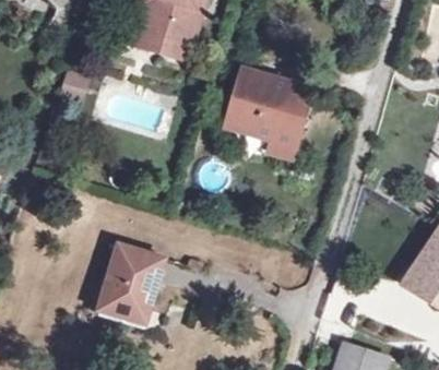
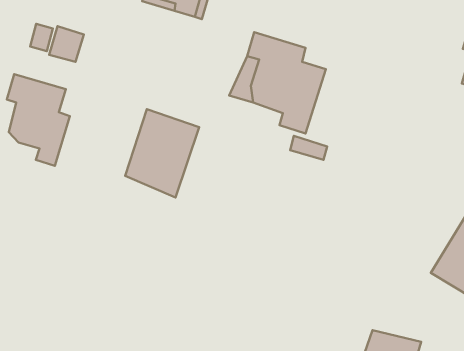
building: none -> [7,74,70,166]
building: [94,241,162,322] -> [125,109,199,197]

